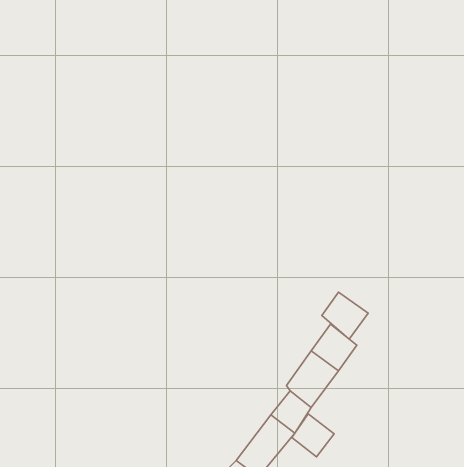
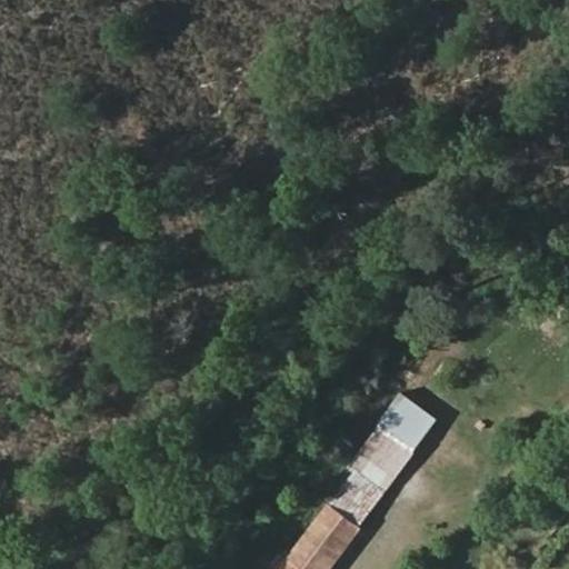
building: [322,292,368,339] -> none
building: [292,414,334,457] -> none

